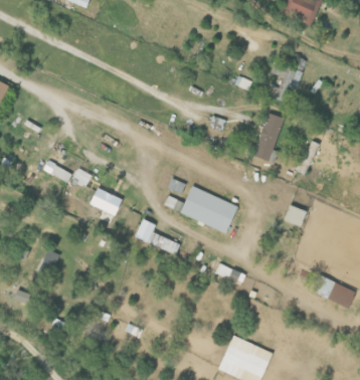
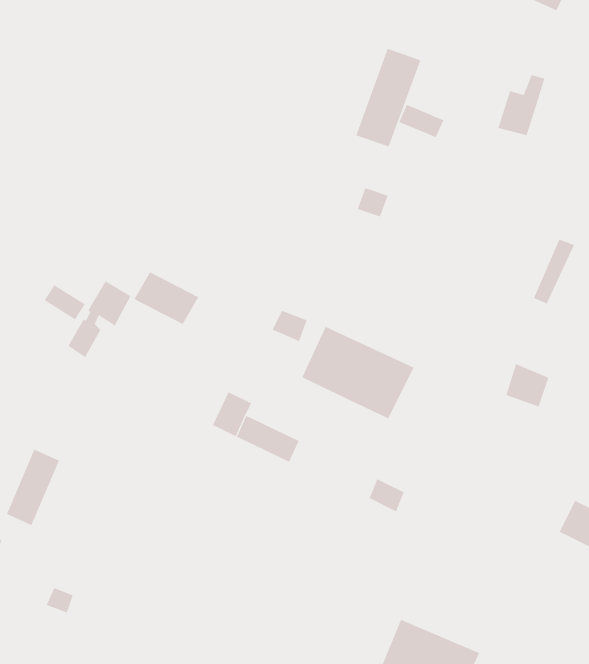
building: [252,113,286,163] -> [356,48,421,147]
building: [91,188,124,215] -> [134,271,199,325]

